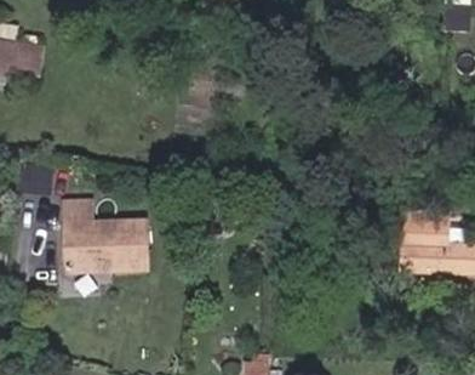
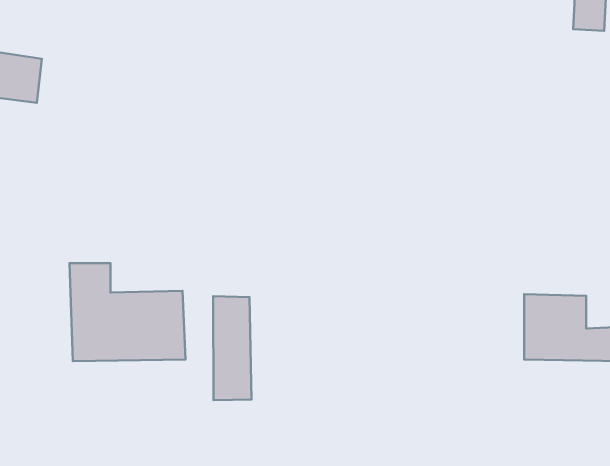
building: none -> [213,296,251,400]

